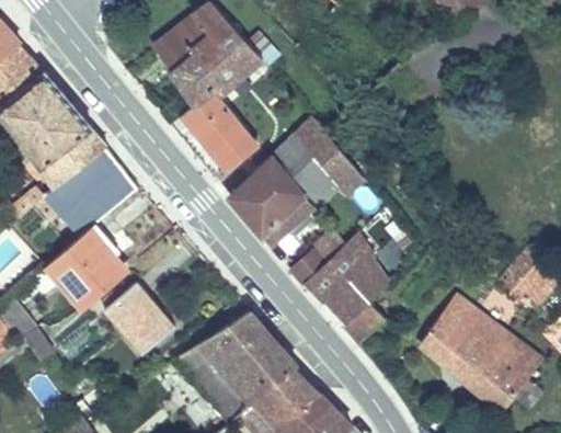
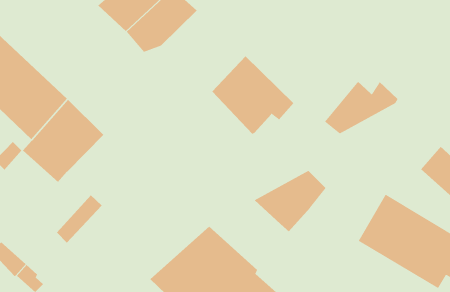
building: [175,95,260,174] -> none
building: [222,155,311,249] -> none
building: [286,227,375,286] -> [324,81,399,134]
building: [47,229,117,297] -> none
building: [106,285,176,360] -> none
building: [341,301,387,343] -> none

